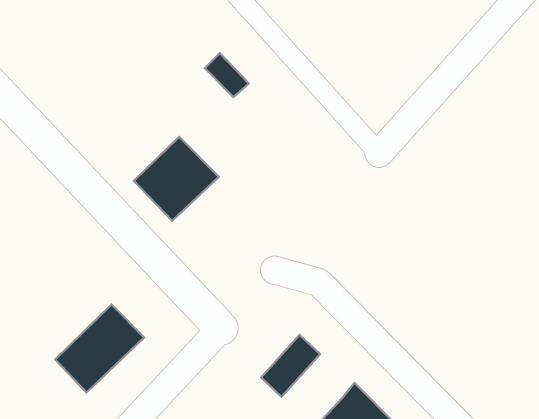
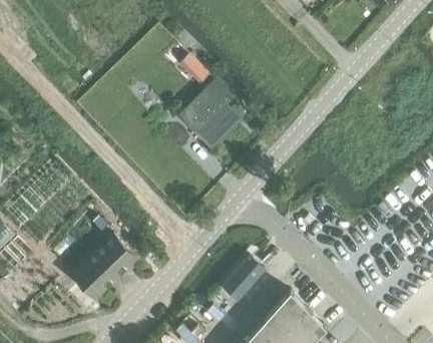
building: [134,137,219,221] -> [182,83,245,144]

